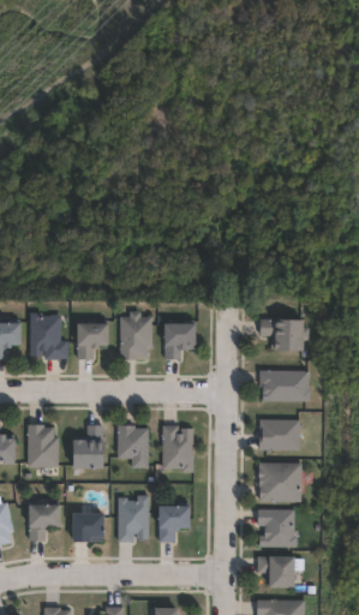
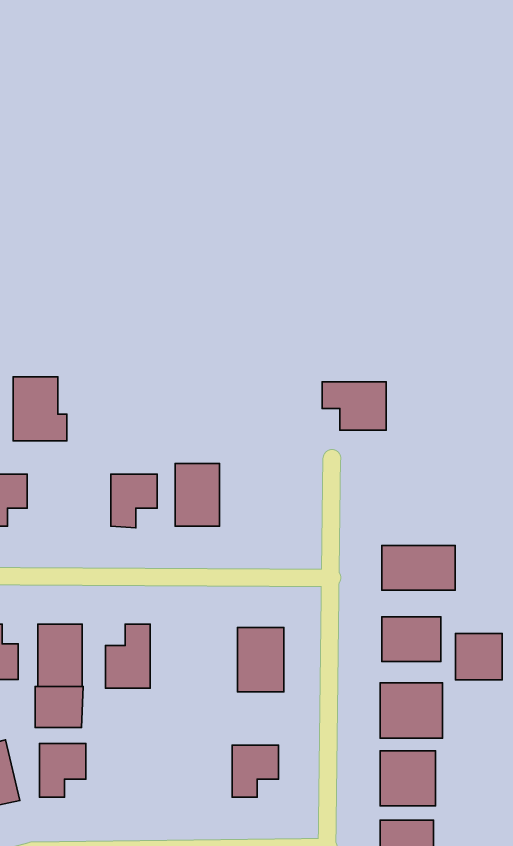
building: [31,315,67,358] -> [13,377,67,441]
building: [259,318,303,351] -> [322,382,386,430]
building: [164,323,196,359] -> none
building: [118,426,149,466] -> none
building: none -> [455,634,502,680]
building: [118,496,149,541] -> none
building: [72,513,104,541] -> [35,687,83,728]

